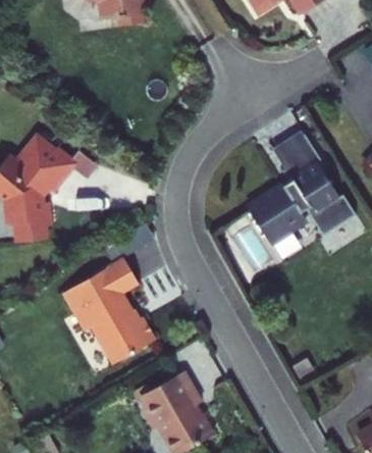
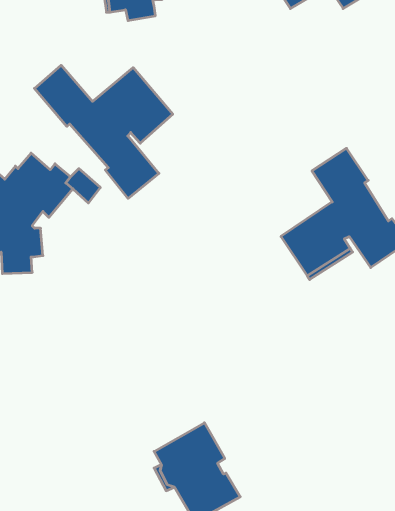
building: none -> [34,65,173,198]
building: [63,255,155,361] -> none

